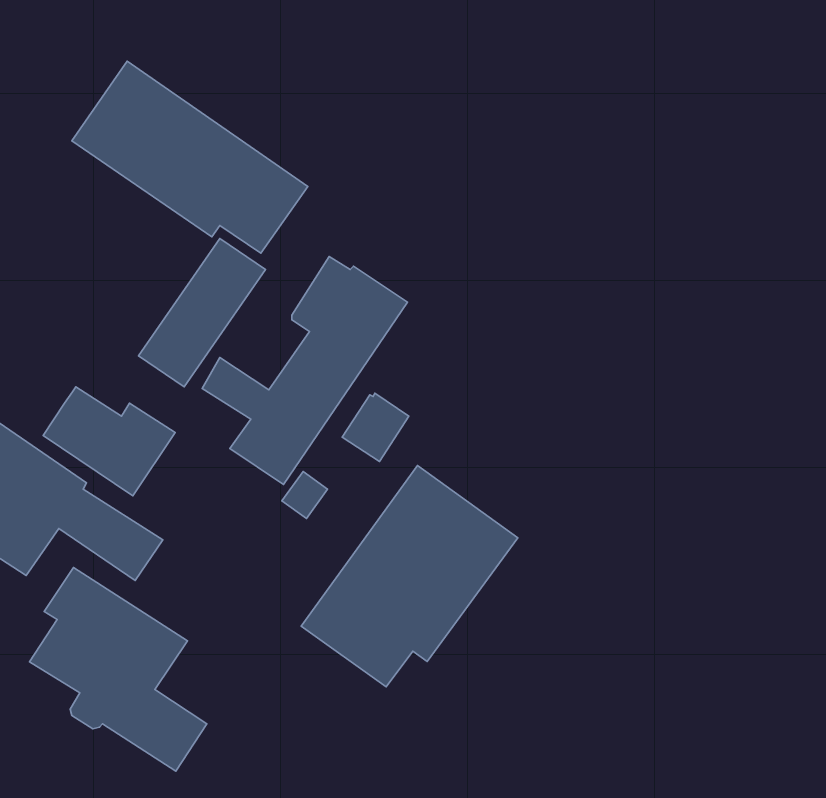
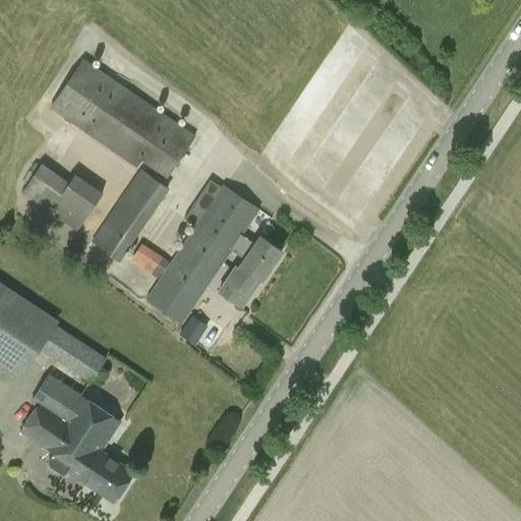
building: none -> [230,235,281,280]
building: [43,387,175,496] -> [21,163,104,231]
building: [301,465,518,687] -> none

